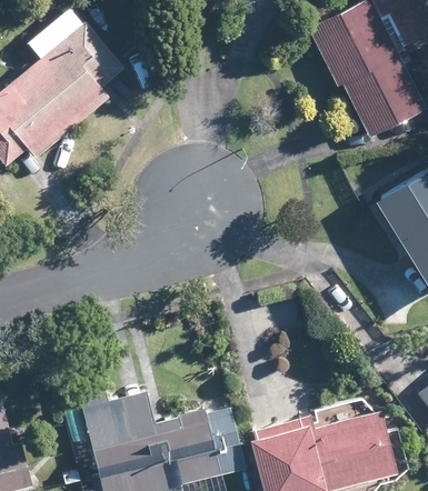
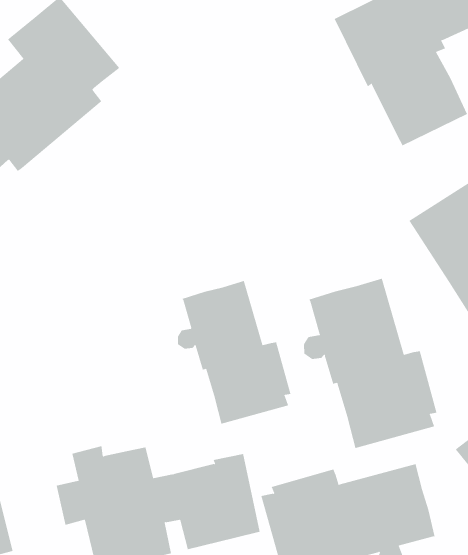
building: none -> [304,278,437,449]
building: none -> [177,280,291,425]

